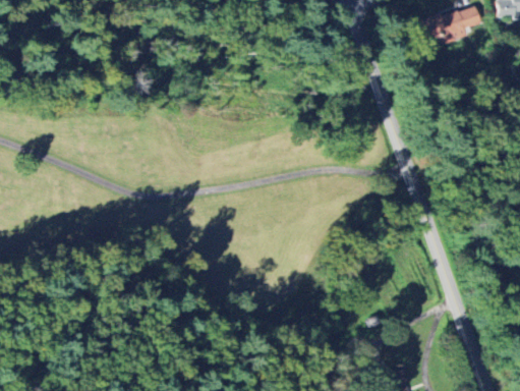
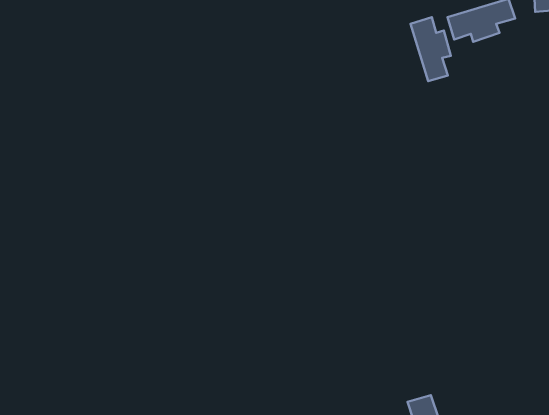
building: none -> [410,17,451,81]

